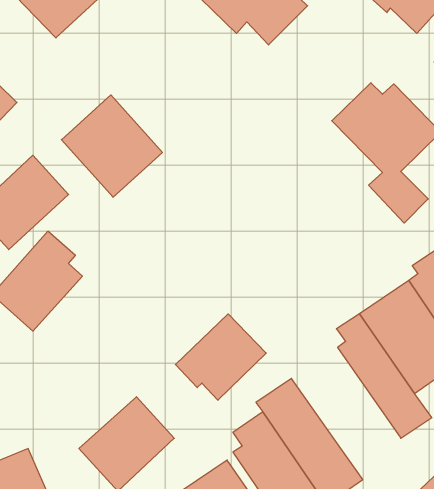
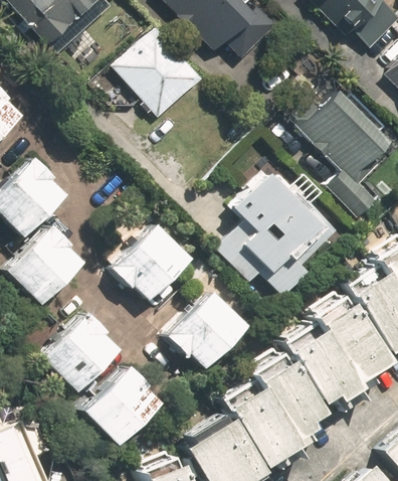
building: [61,95,162,197] -> [116,29,204,119]
building: none -> [220,169,343,299]
building: none -> [108,225,192,305]
building: none -> [40,312,126,396]
building: none -> [264,326,360,417]

